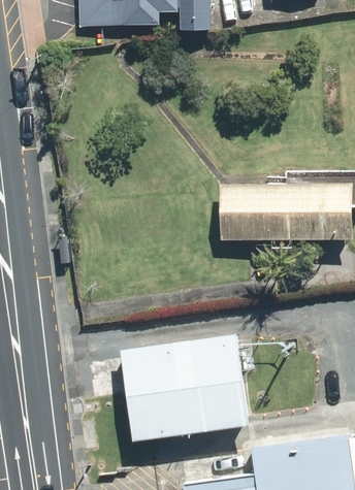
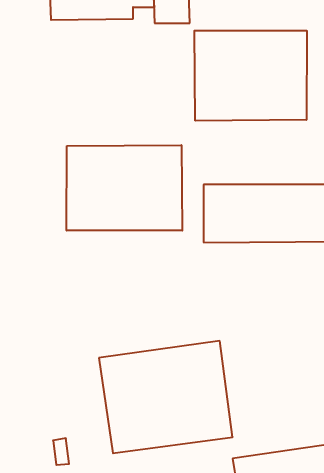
building: none -> [194,31,307,121]
building: none -> [67,145,182,231]

